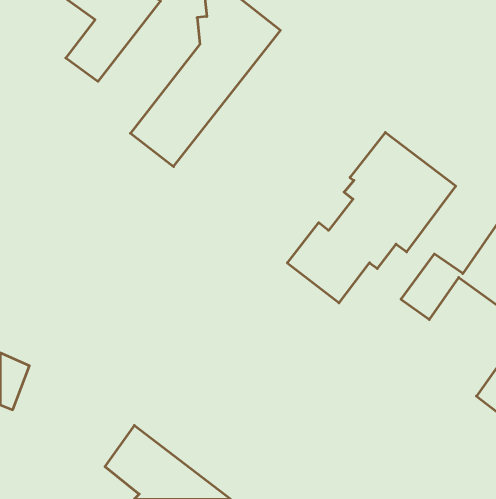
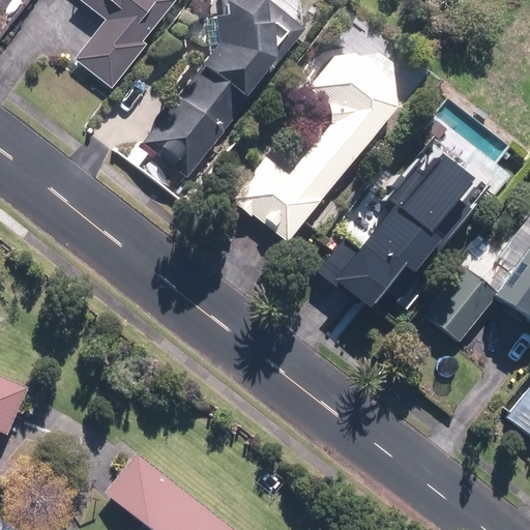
building: none -> [233,59,391,242]

